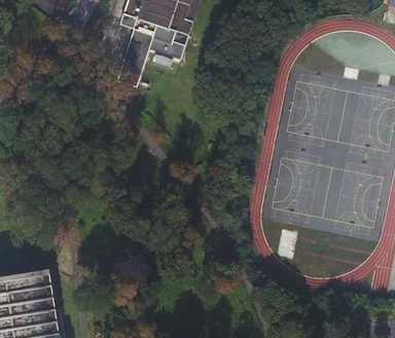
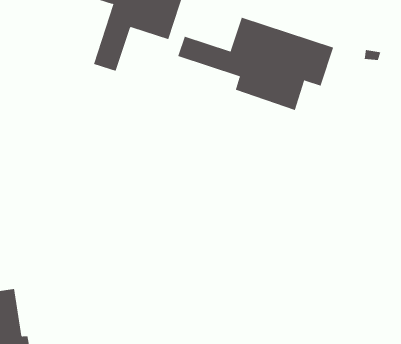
building: none -> [178,17,334,111]

